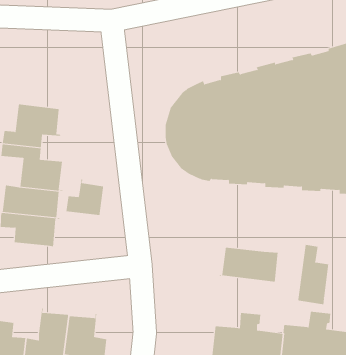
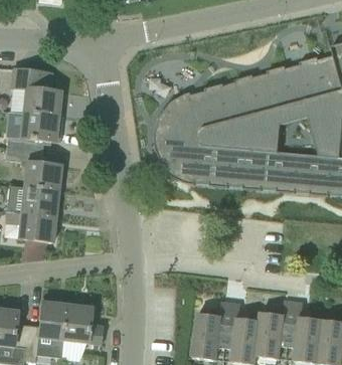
building: none -> [8,67,64,118]
building: [66,179,104,216] -> none
building: [298,244,329,305] -> none
building: [218,247,278,283] -> none

